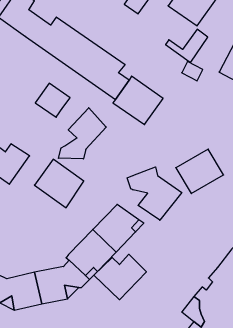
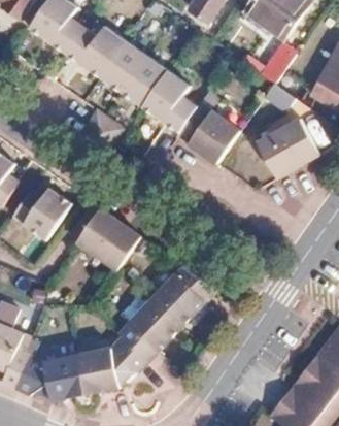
building: [58,108,106,159] -> none
building: [176,149,224,194] -> [260,121,320,177]
building: [127,167,182,220] -> none
building: [94,254,146,300] -> none

